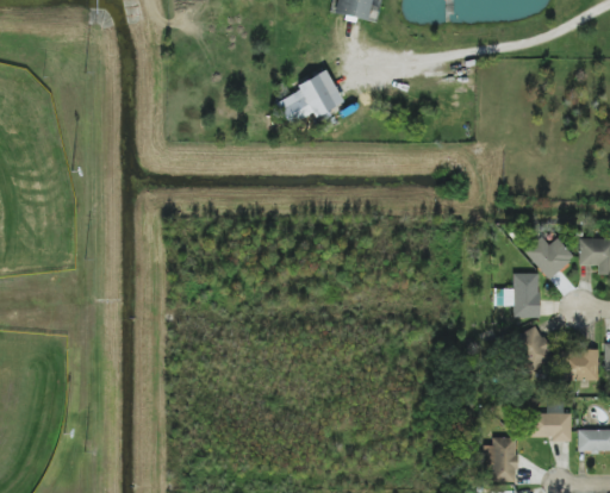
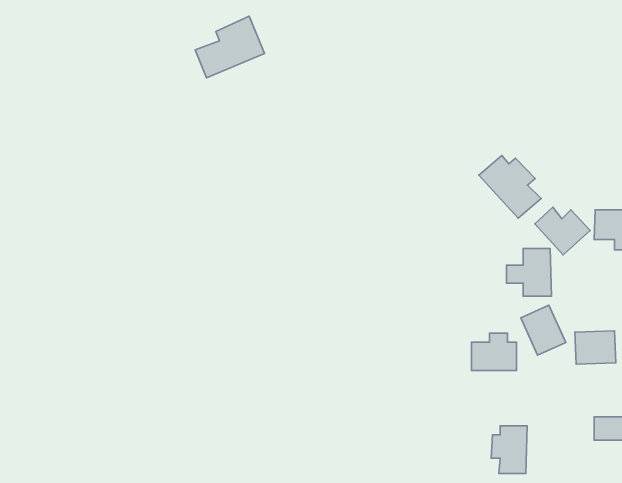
building: [278,69,342,126] -> [195,16,265,78]
building: none -> [479,156,541,218]
building: [530,404,572,438] -> [472,333,517,370]

